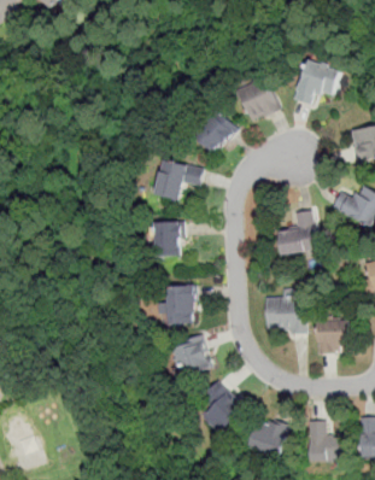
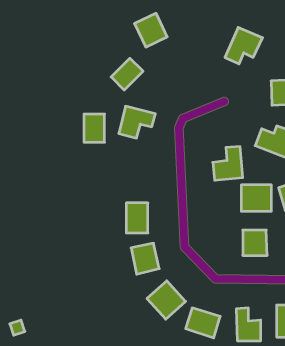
building: [238,78,280,122] -> [134,13,167,47]
building: [198,113,239,154] -> [111,58,143,90]
building: [154,221,181,257] -> [84,114,105,142]
building: [265,295,304,329] -> [241,185,271,211]

